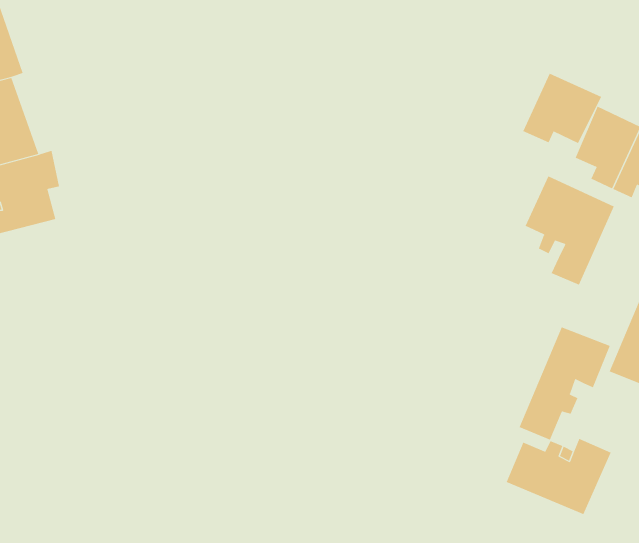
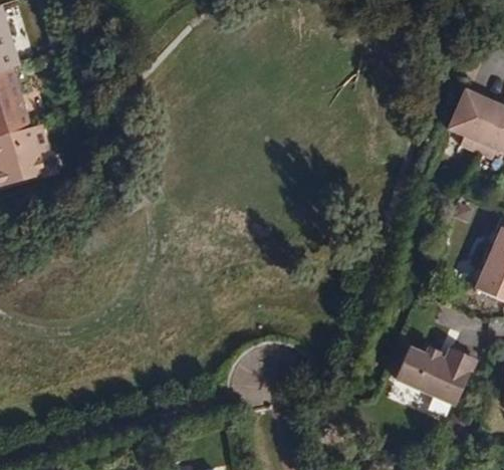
building: [523,73,602,144] -> none
building: [525,175,615,286] -> none
building: [519,326,611,441] -> none

